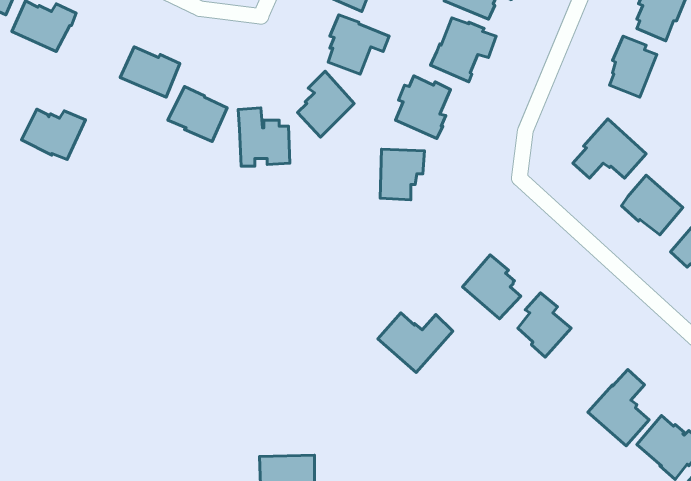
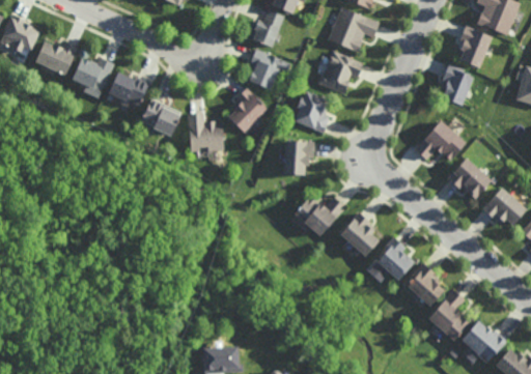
building: [21,109,86,160] -> [71,56,114,90]
building: [378,313,453,373] -> [295,195,345,235]
building: none -> [403,262,441,306]

